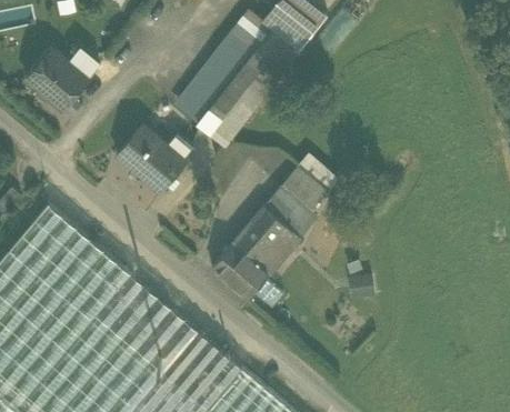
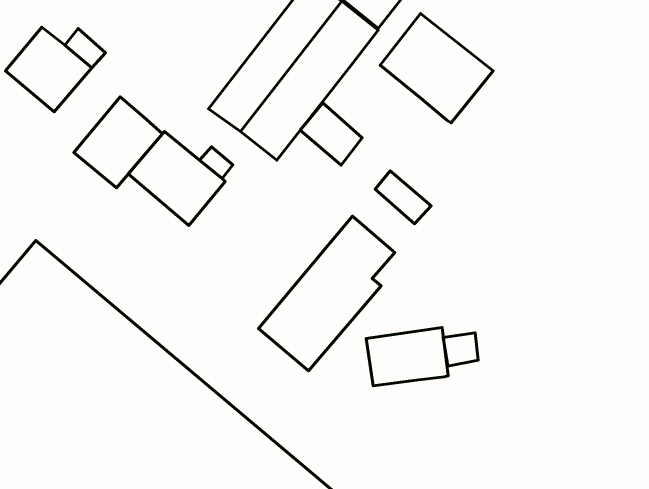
building: none -> [380,14,493,123]
building: none -> [74,97,162,188]
building: [279,168,324,213] -> [300,103,362,165]
building: none -> [366,328,448,386]

